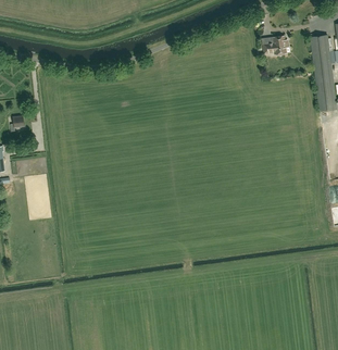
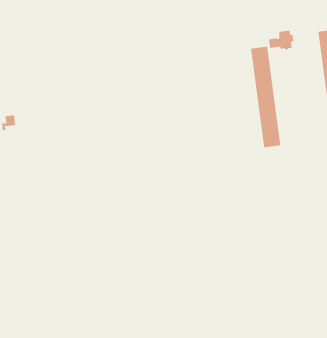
building: none -> [251,46,281,148]

